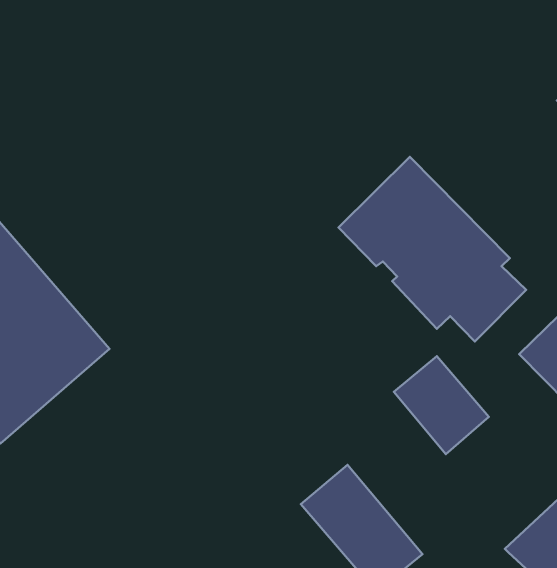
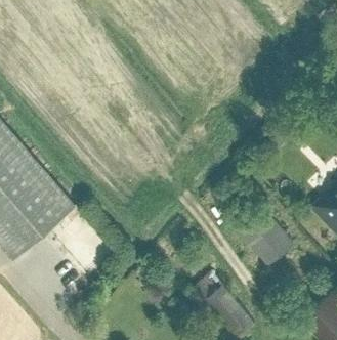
building: [339,157,526,341] -> none

